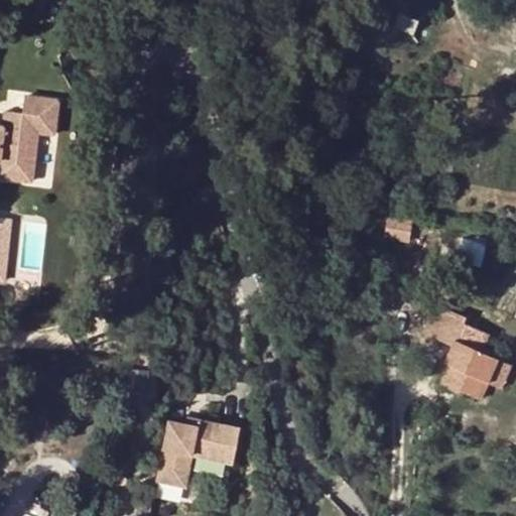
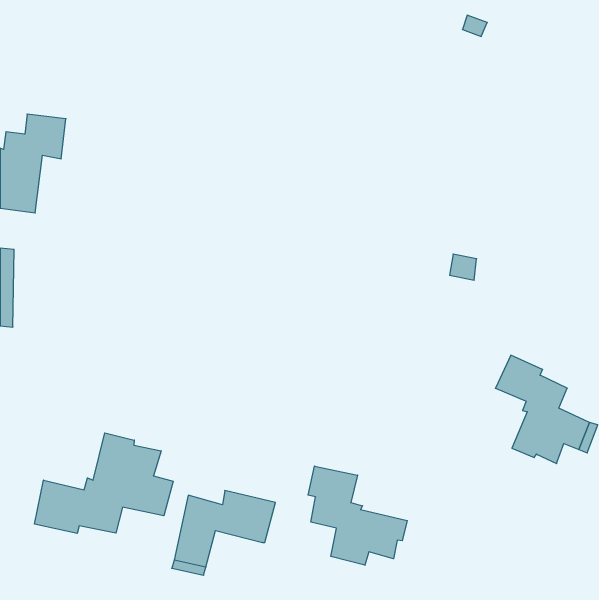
building: none -> [35,433,173,533]
building: none -> [308,466,407,565]

